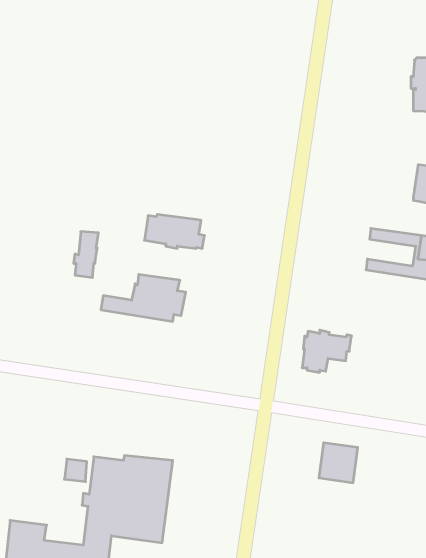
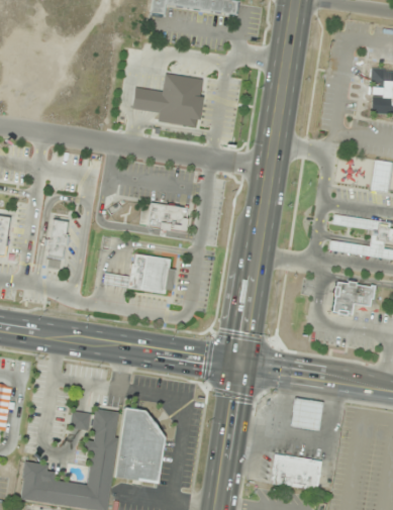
building: none -> [131,73,202,126]
building: [74,232,98,277] -> [47,219,69,259]
building: [302,330,352,372] -> [332,280,375,316]
building: none -> [271,454,322,491]

